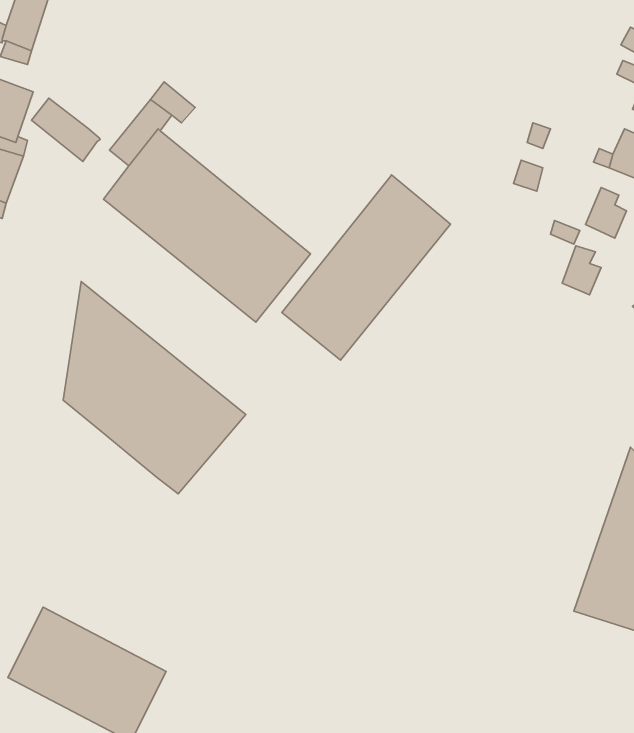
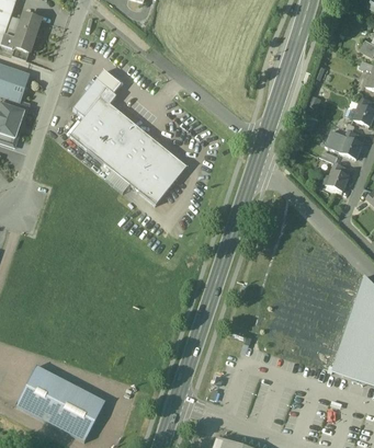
building: [31,98,100,162] -> none
building: [282,175,450,360] -> none
building: [63,282,246,494] -> none

